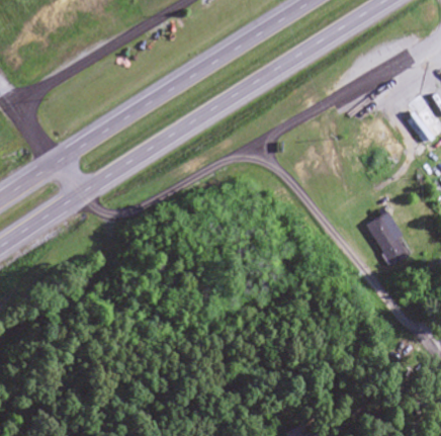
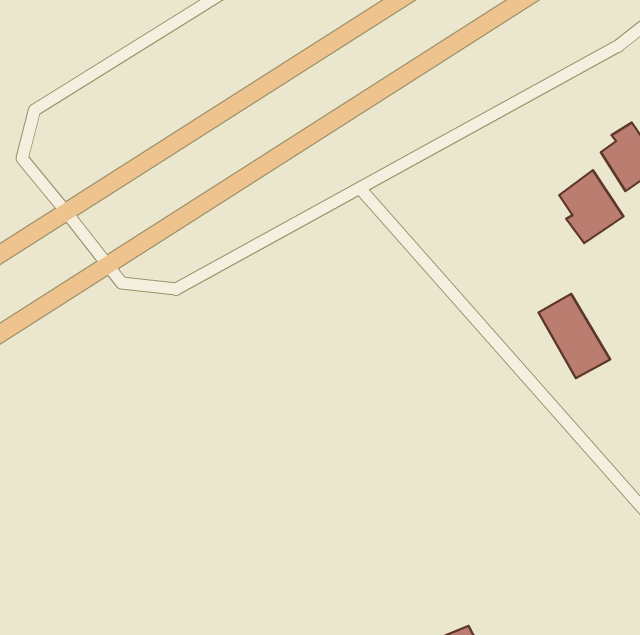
building: none -> [559,170,624,243]

